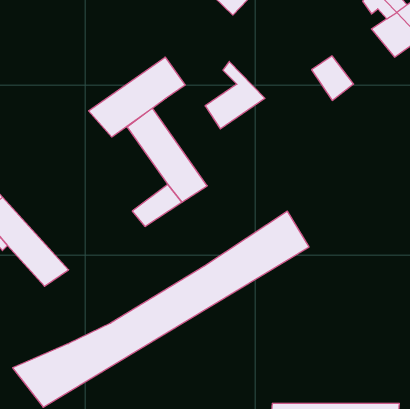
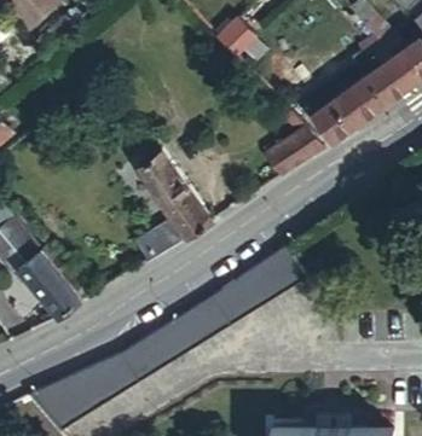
building: none -> [331,71,391,123]
building: [89,57,185,137] -> none
building: [205,61,265,129] -> [266,110,323,174]

